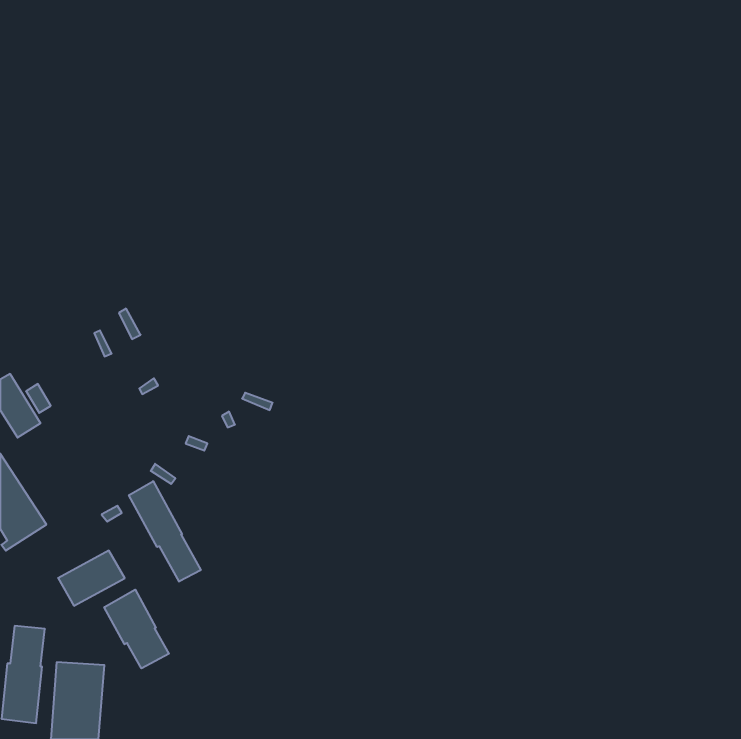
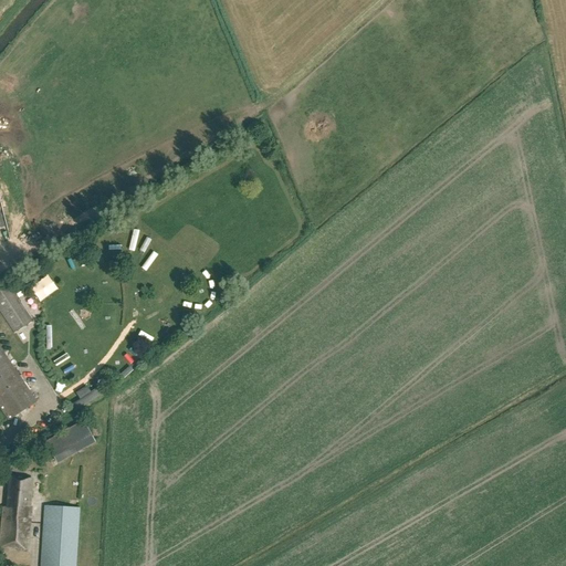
building: [129,481,201,582] -> none
building: [104,590,169,668] -> none

